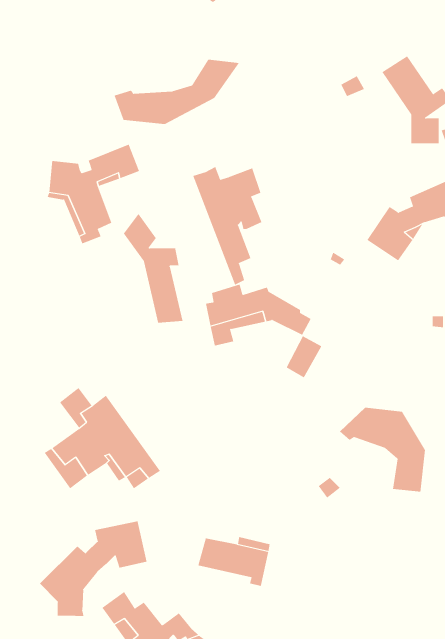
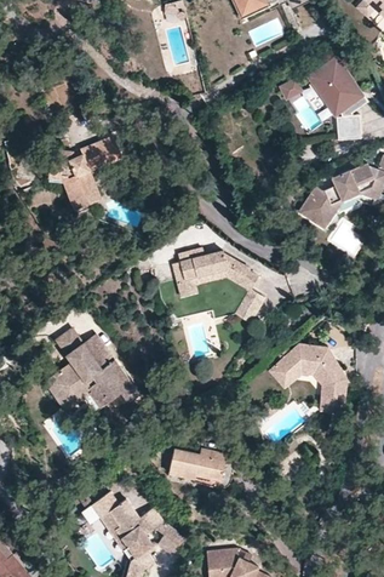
building: [114,59,240,125] -> none
building: [193,166,262,285] -> none
building: [123,213,183,323] -> none
building: none -> [271,364,326,410]
building: [39,521,147,617] -> none

